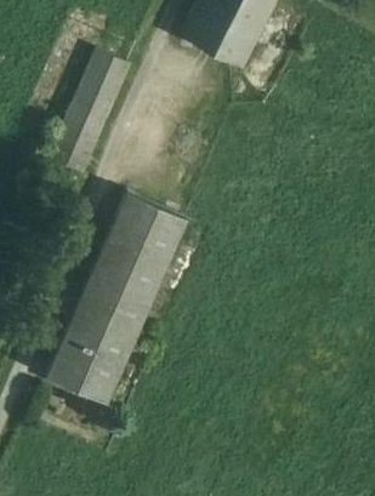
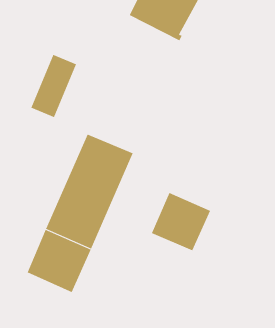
building: [80,51,127,101] -> none
building: none -> [151,192,211,251]

